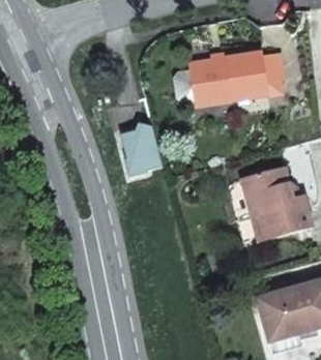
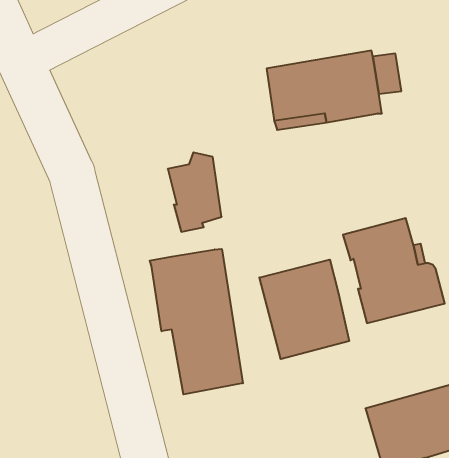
building: none -> [150,249,243,394]
building: none -> [259,260,349,359]

